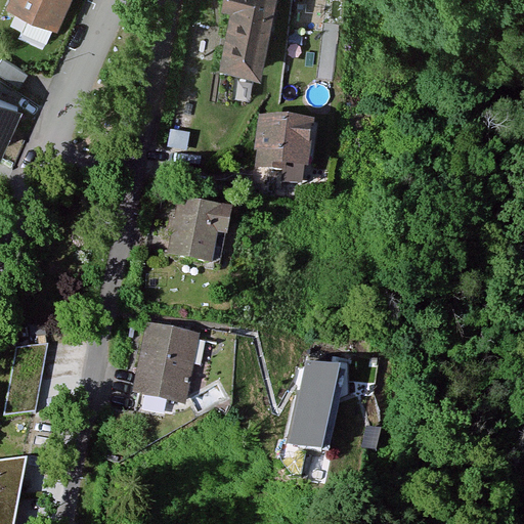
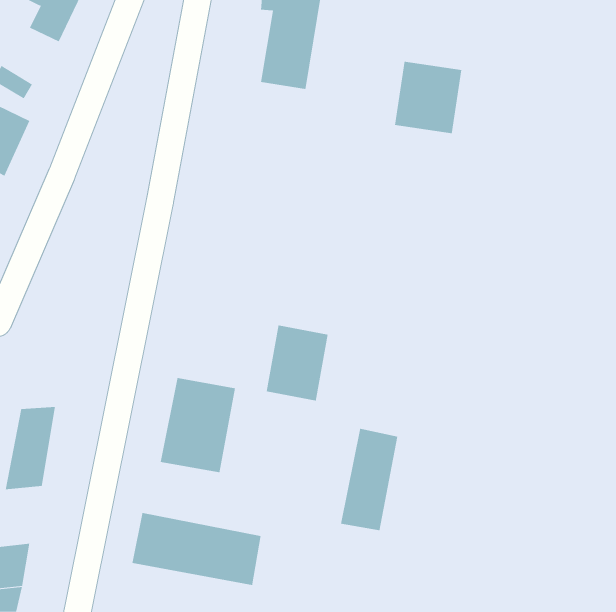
building: [253,118,310,179] -> [394,61,462,134]
building: [171,199,224,263] -> [266,325,329,401]
building: none -> [132,512,261,586]

